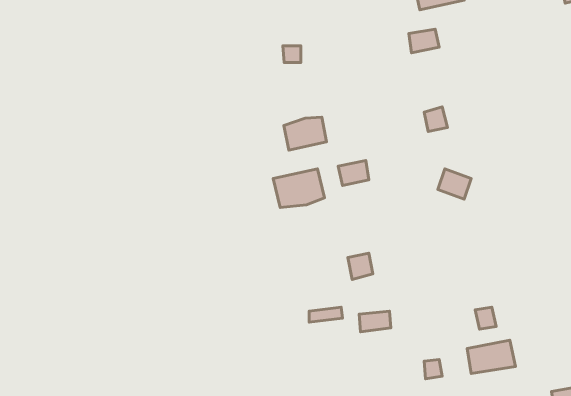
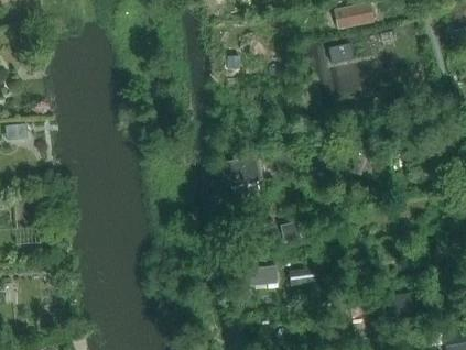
building: [284,117,327,150] -> none

